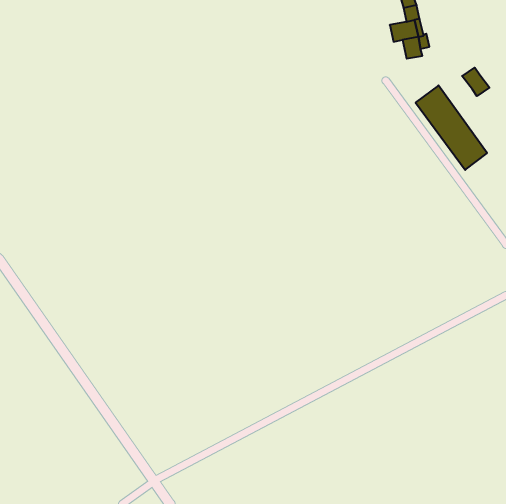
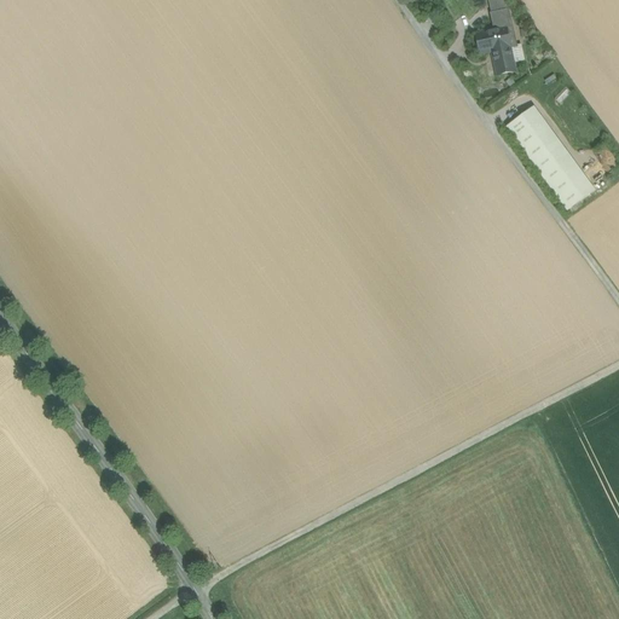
building: [462,68,489,96] -> none

